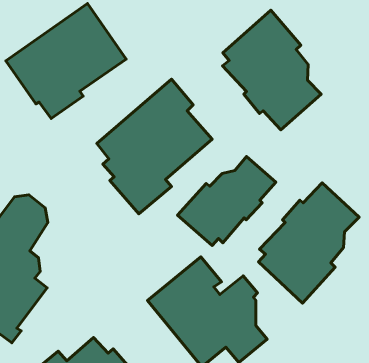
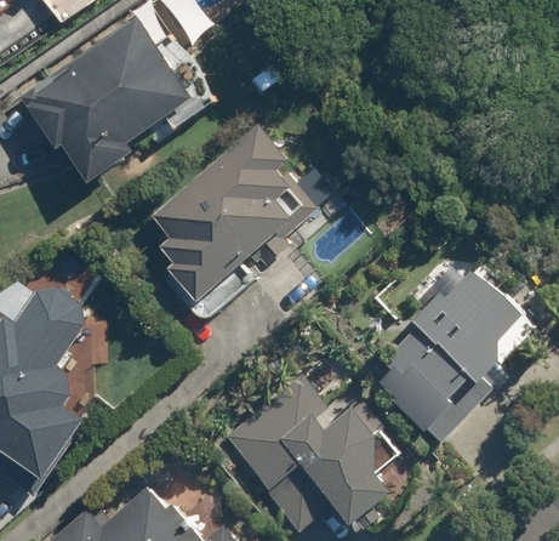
building: [223,10,321,130] -> none
building: [177,157,276,245] -> none

